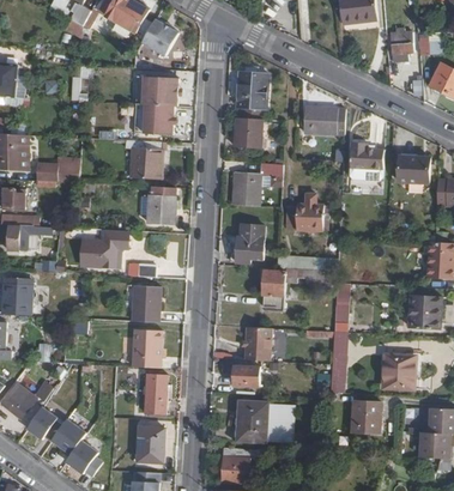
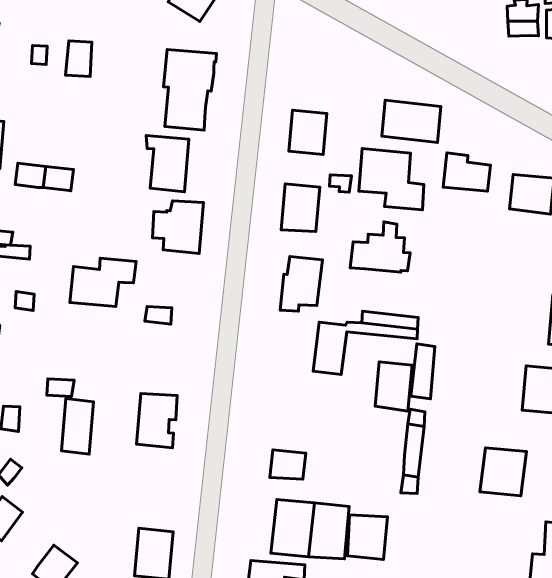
building: [236,66,266,108] -> none
building: none -> [359,149,424,210]
building: [134,286,162,323] -> none
building: [246,327,271,362] -> [375,362,412,411]
building: [146,375,168,414] -> [61,399,94,454]
building: [352,400,380,431] -> [347,515,387,559]
building: [50,422,85,459] -> none

